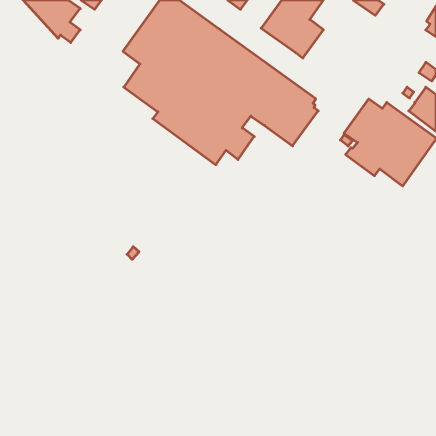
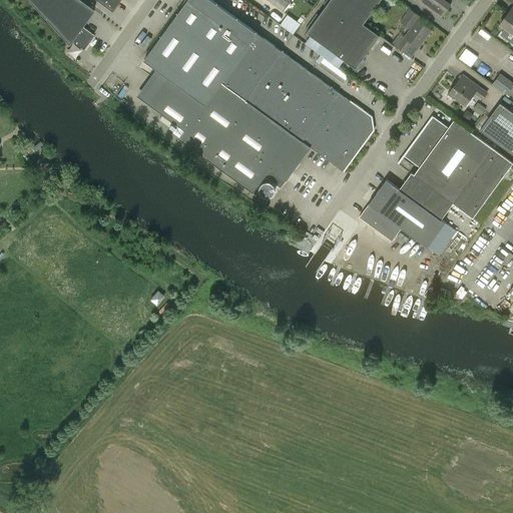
building: none -> [392,10,432,53]
building: none -> [449,75,487,105]
building: none -> [358,179,457,254]

